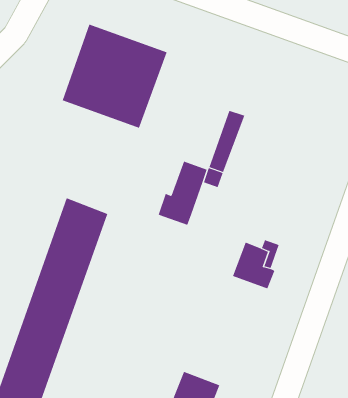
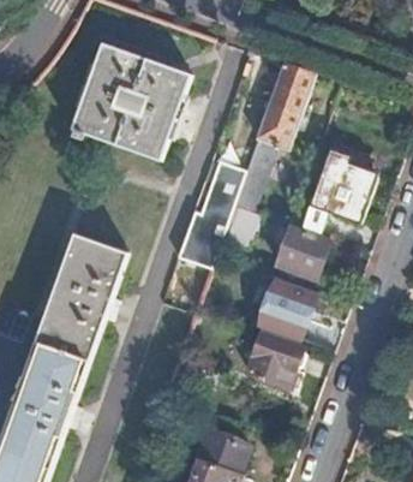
building: none -> [257,64,315,150]
building: none -> [311,149,375,222]
building: none -> [279,227,329,279]
building: none -> [246,335,301,388]

